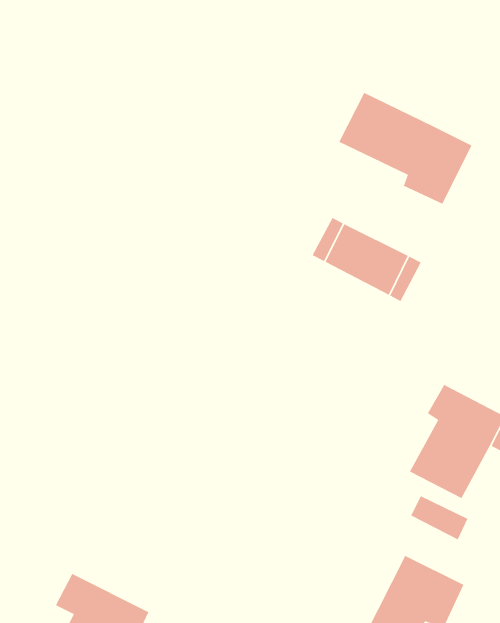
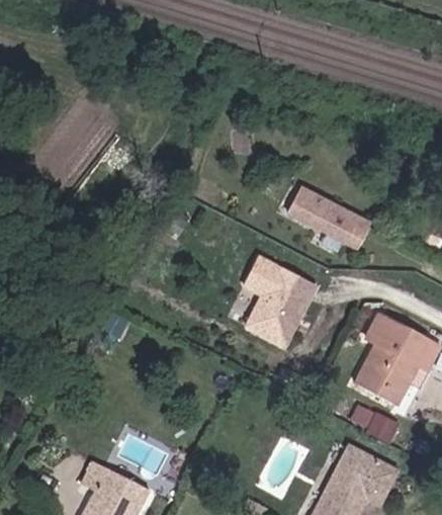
building: [338,92,473,205] -> none
building: none -> [244,257,318,347]

